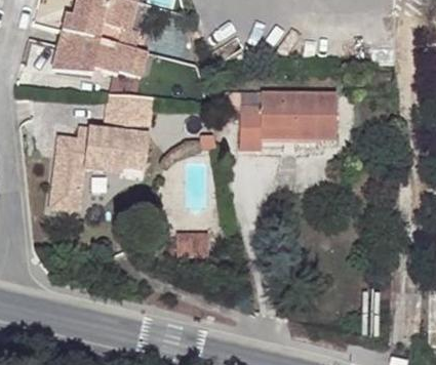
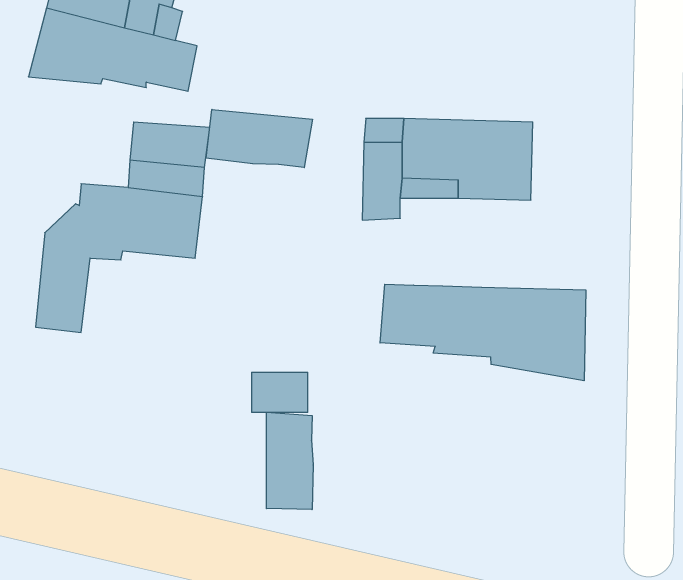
building: none -> [206,109,312,168]
building: none -> [380,284,586,381]
building: none -> [266,412,313,510]

